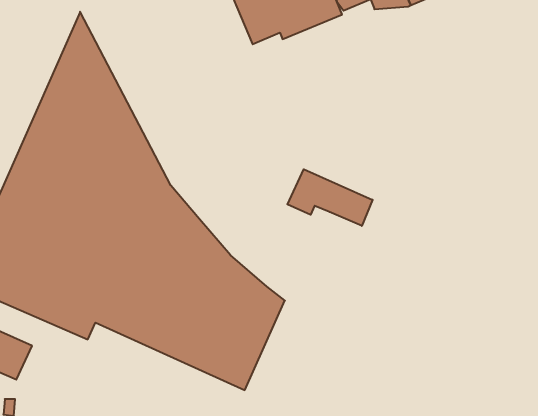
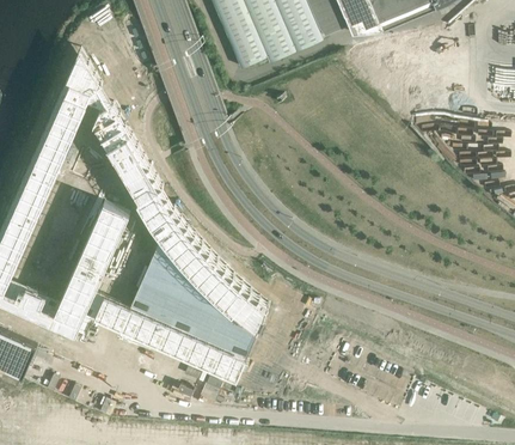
building: [287,169,373,226] -> none

